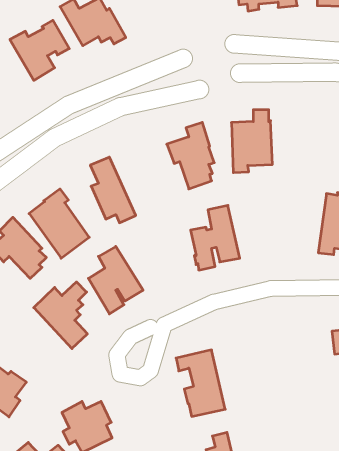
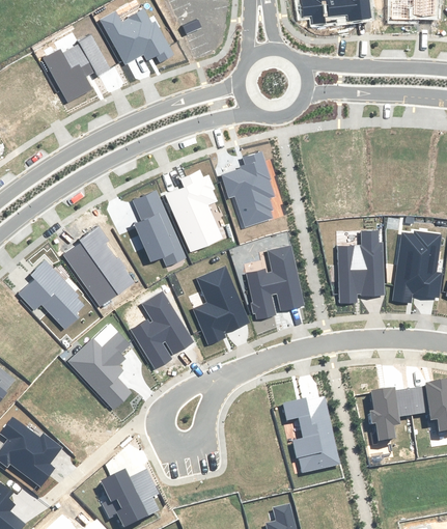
building: [231,110,272,173] -> [336,231,383,303]
building: none -> [165,170,222,252]
building: none -> [193,266,248,344]
building: none -> [371,387,411,439]
building: [176,350,225,416] -> [283,396,339,472]

